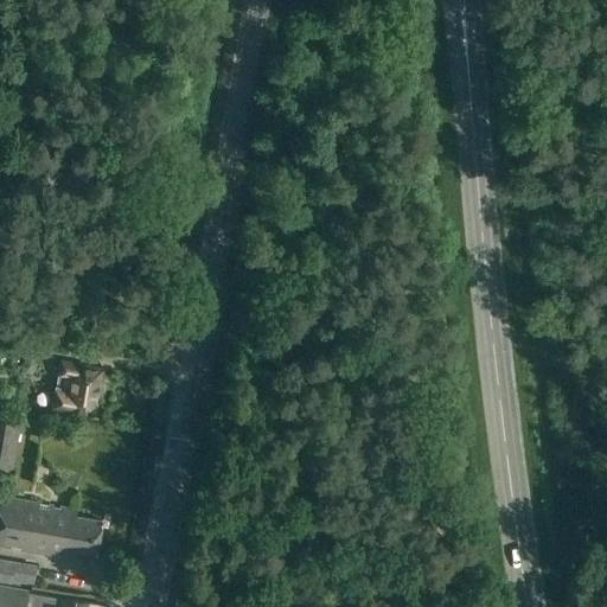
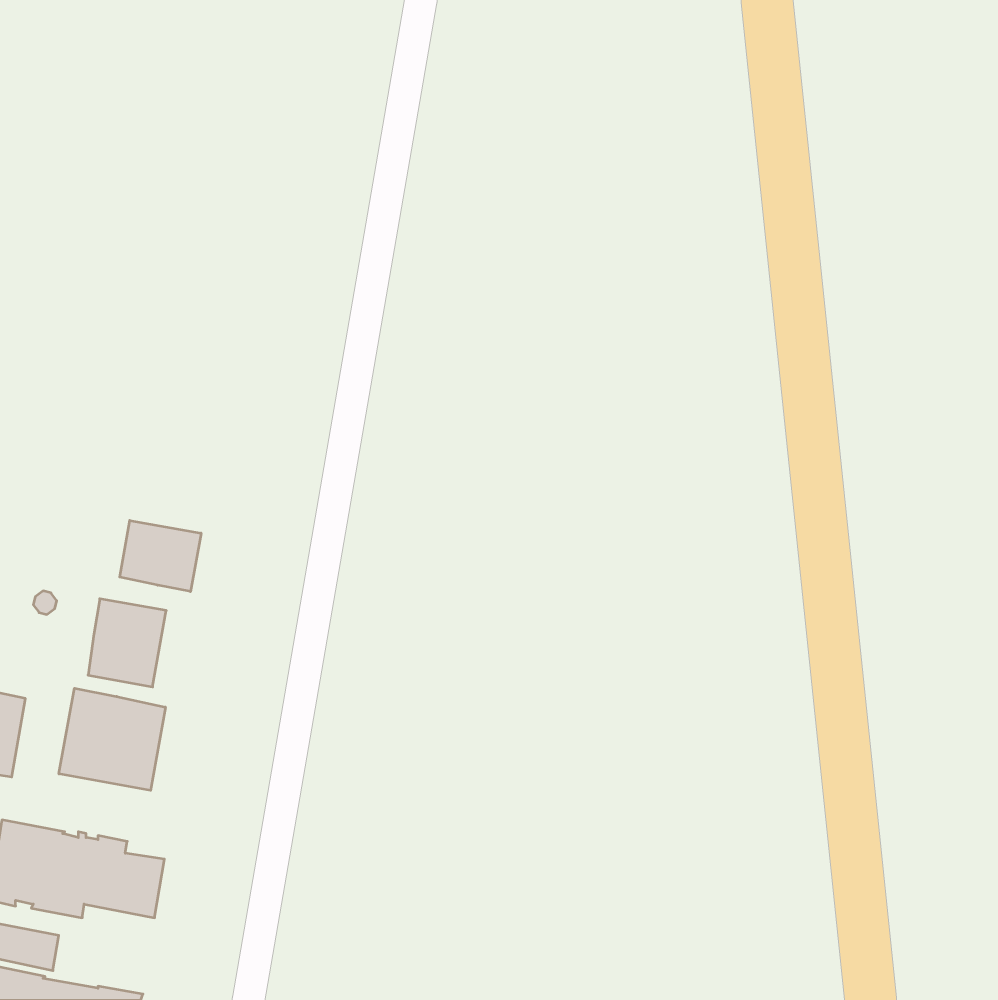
building: none -> [120,520,201,592]
building: none -> [59,688,165,790]

